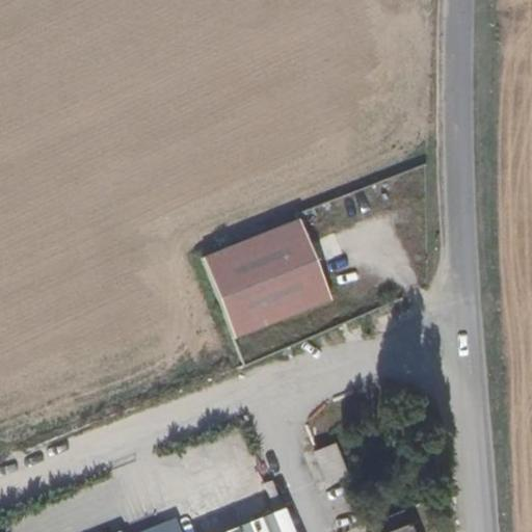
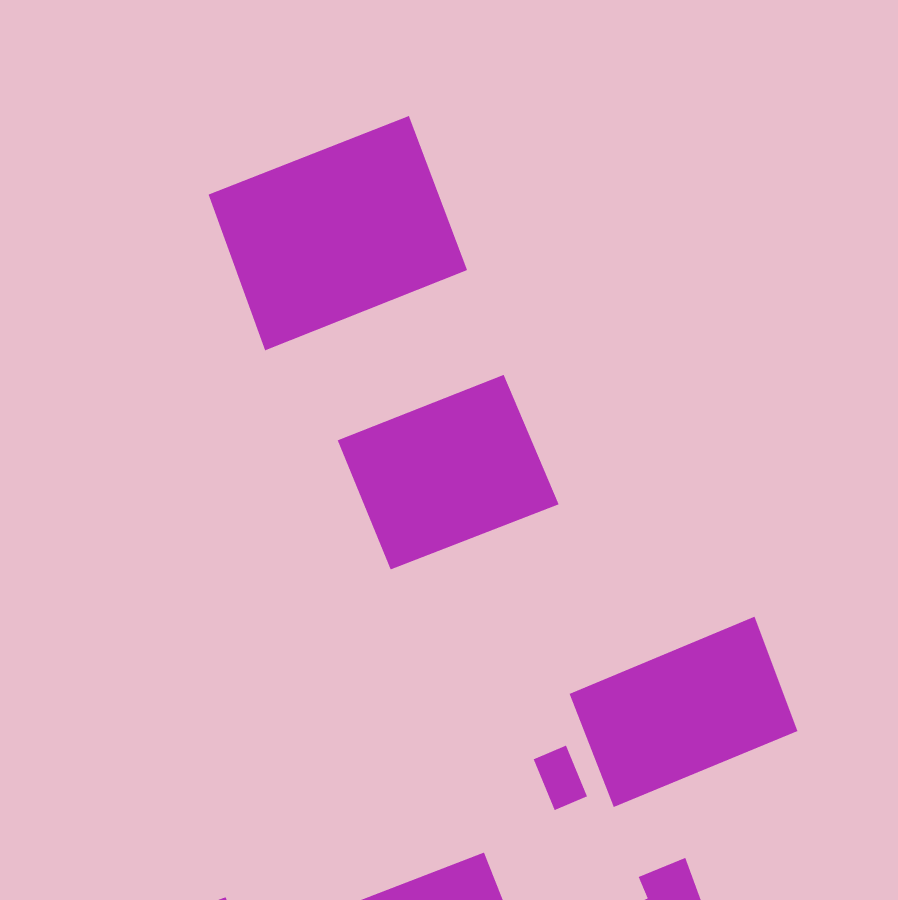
building: none -> [208,115,468,351]
building: none -> [569,616,798,808]

